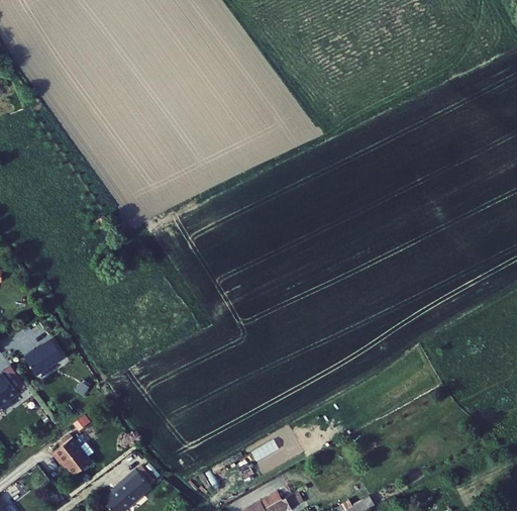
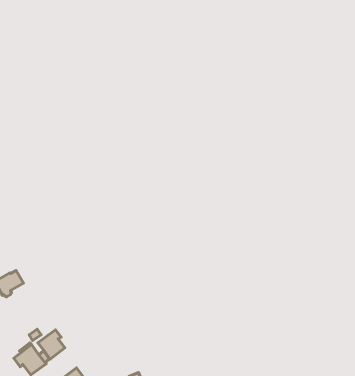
building: none -> [38,330,65,359]

